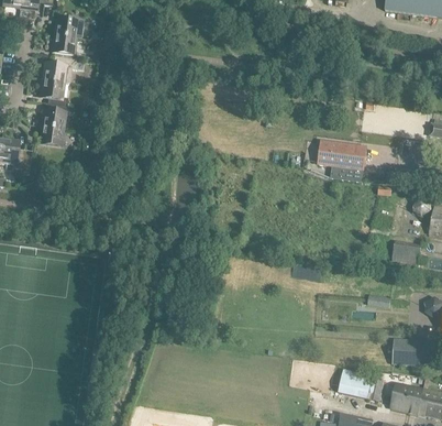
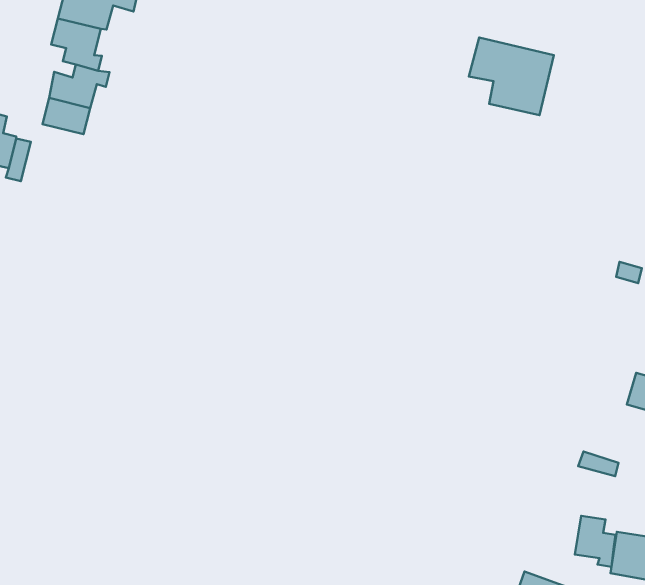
building: [317,140,364,181] -> [469,38,554,115]
building: none -> [575,516,616,567]

